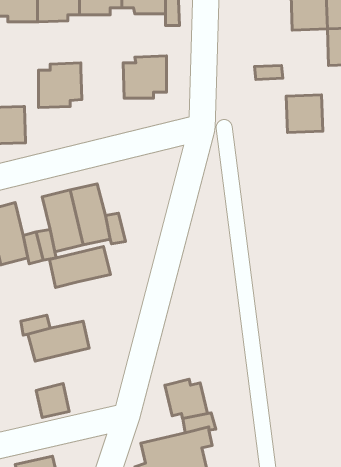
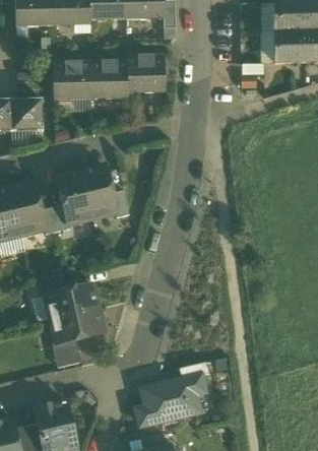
building: none -> [89,61,127,99]
building: [286,95,323,132] -> [272,31,304,64]
building: [50,246,111,288] -> [50,308,103,343]
building: [165,379,207,418] -> none

